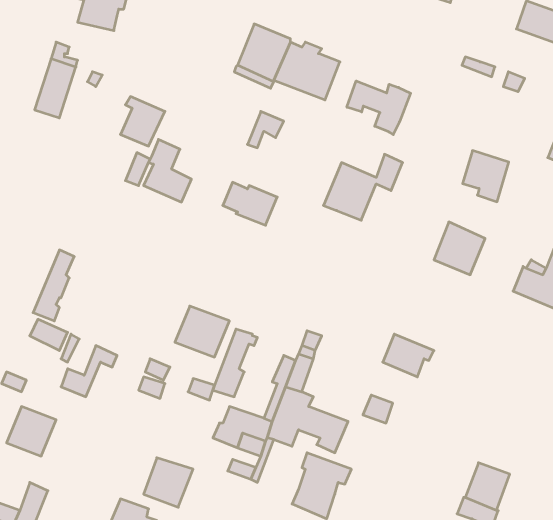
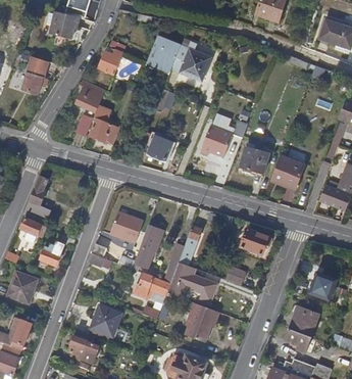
building: none -> [100,41,129,76]
building: [347,81,411,135] -> none
building: [463,151,509,202] -> [241,147,269,179]
building: none -> [308,273,337,300]

